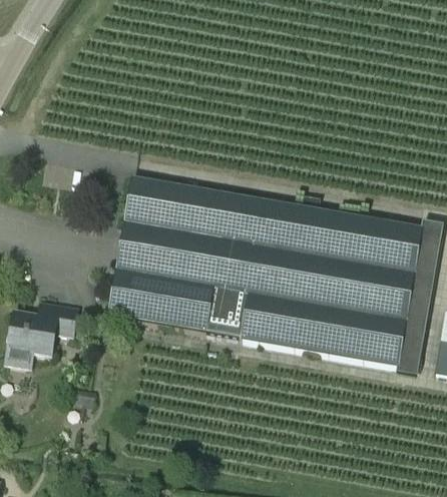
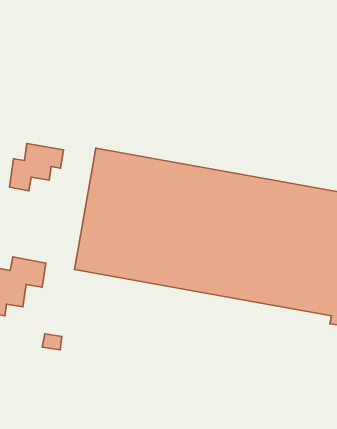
building: none -> [10,144,64,191]

